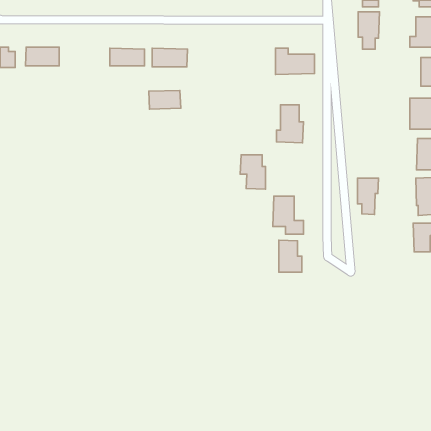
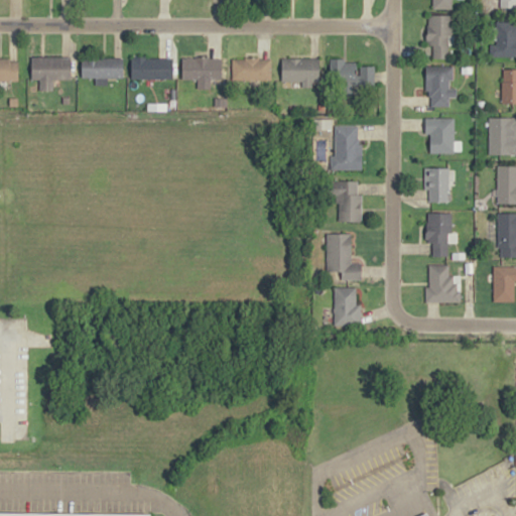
building: none -> [82,58,123,86]
building: none -> [282,58,319,89]
building: none -> [426,66,458,107]
building: [149,90,181,109] -> [234,58,272,81]
building: none -> [425,119,455,153]
building: none -> [424,168,448,203]
building: [240,155,266,189] -> [332,181,362,223]
building: none -> [424,266,461,303]

